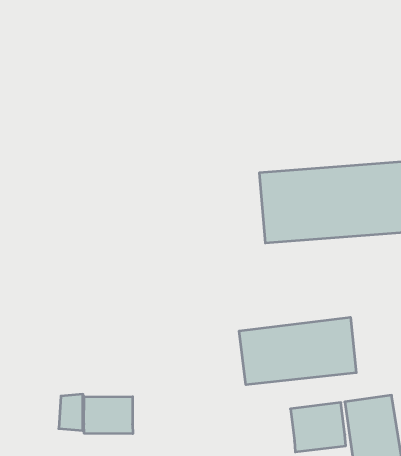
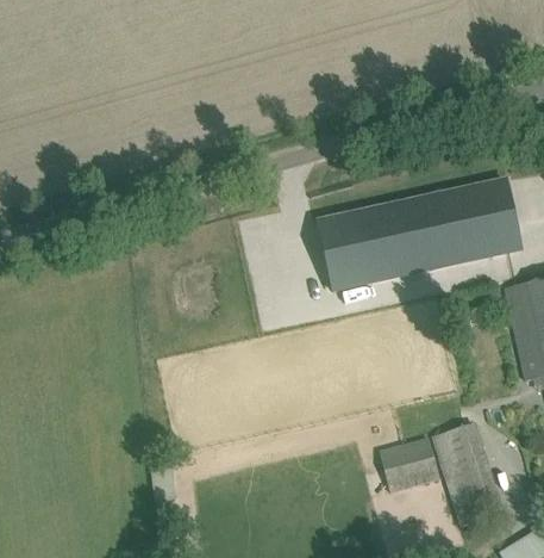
building: [239,317,356,385] -> none
building: [84,396,133,434] -> none

